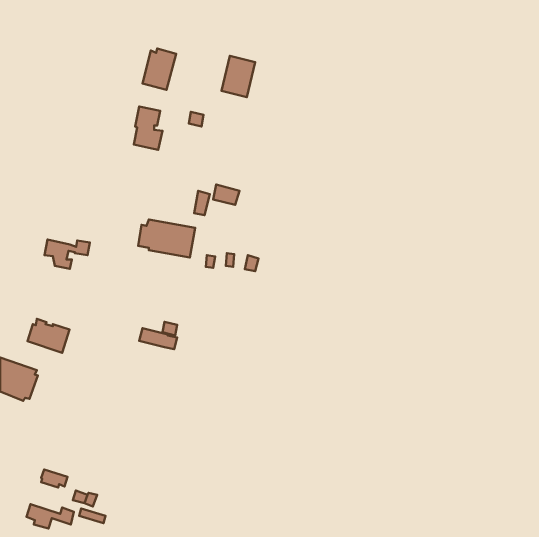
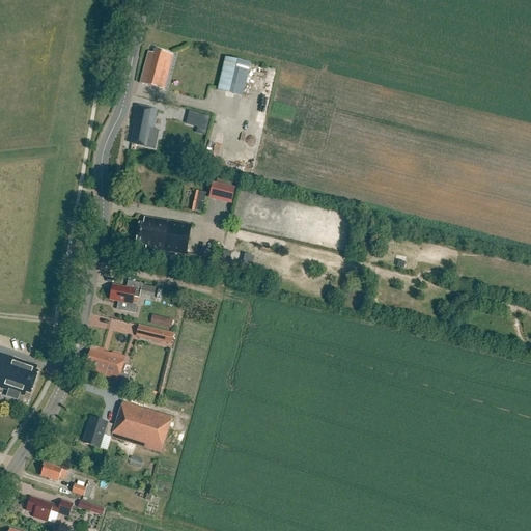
building: [44,239,90,269] -> [110,283,155,312]
building: [27,319,70,353] -> [84,345,125,379]
building: none -> [84,400,172,452]

